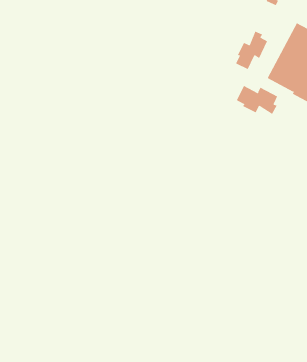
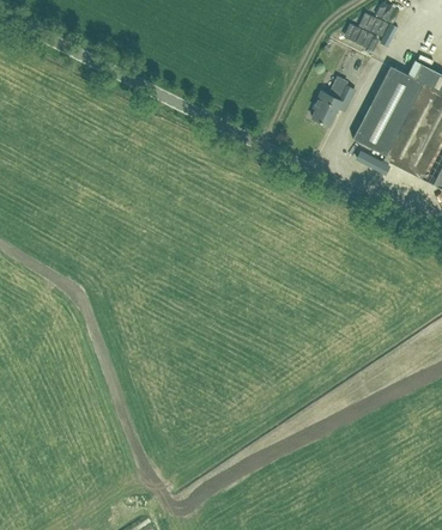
building: [236,85,278,115] -> none

